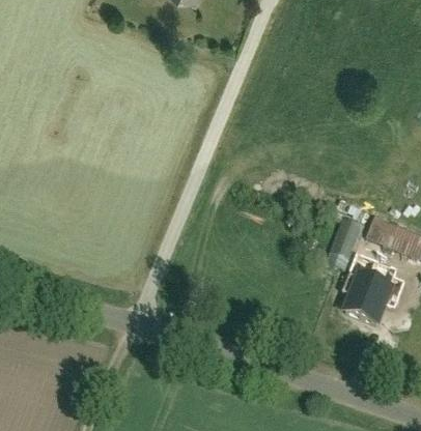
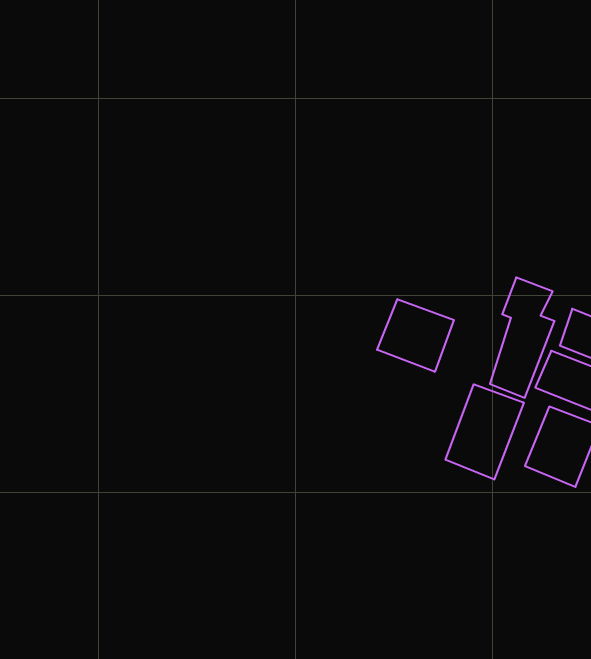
building: none -> [377,299,454,372]
building: none -> [446,384,524,480]

